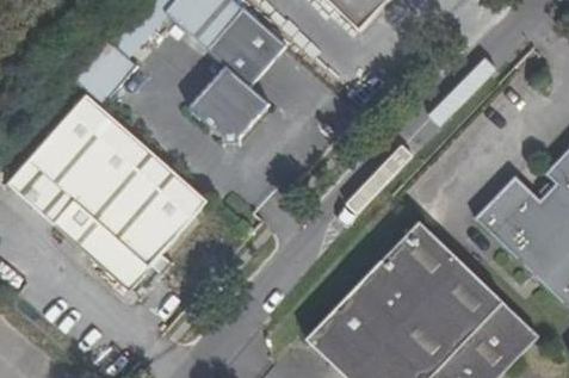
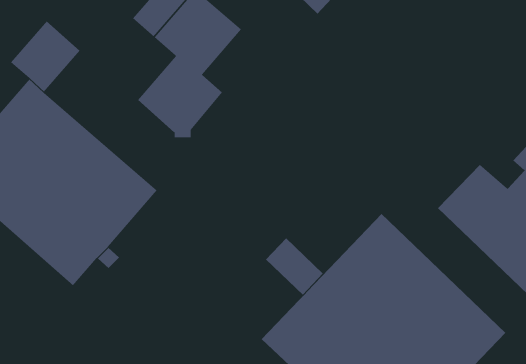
building: none -> [265,237,324,295]

